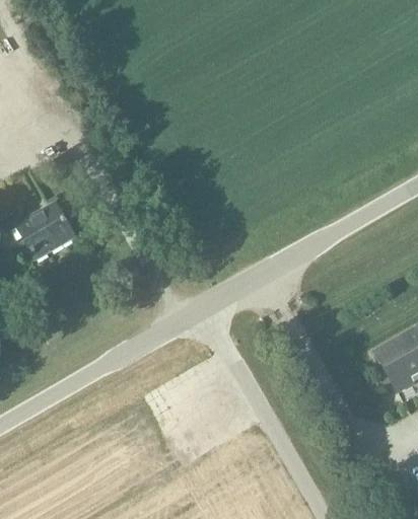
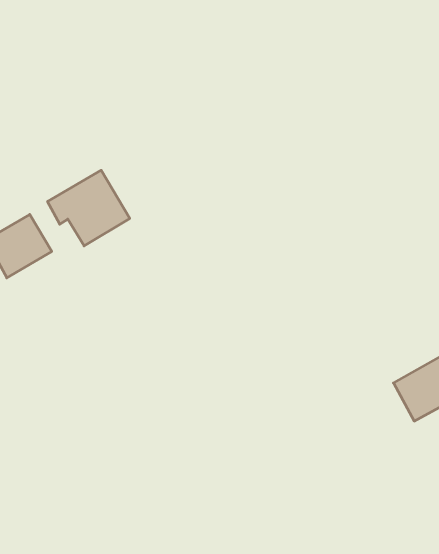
building: none -> [48,170,130,246]

